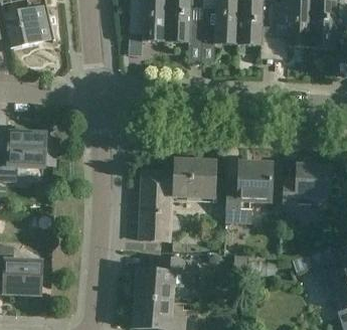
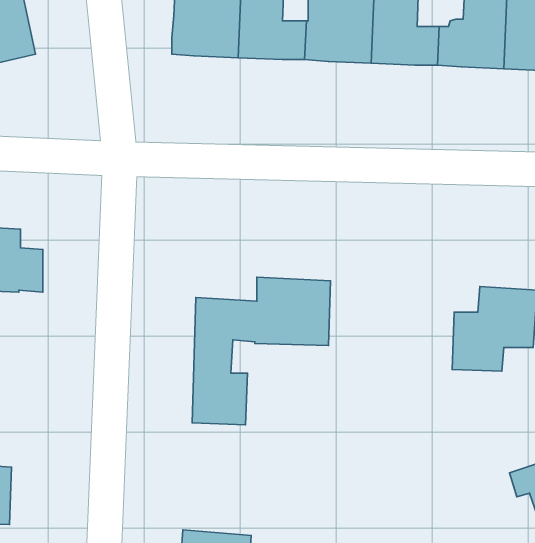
building: [225,162,272,222] -> none
building: [135,258,190,301] -> none

